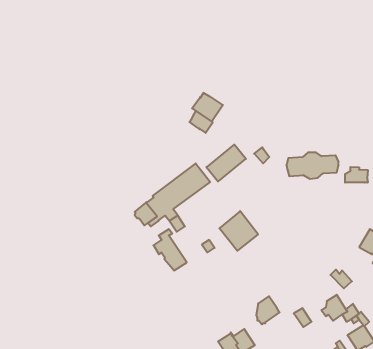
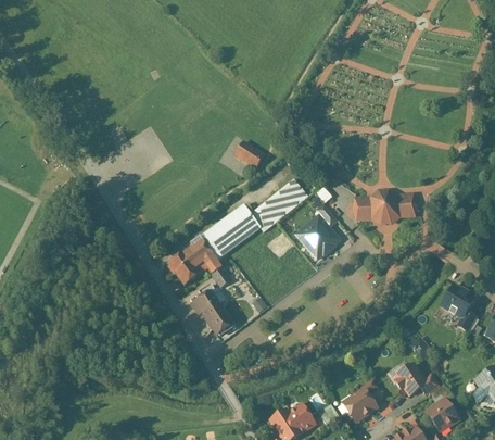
building: [192,93,223,122] -> none
building: [345,167,368,183] -> none
building: [219,211,258,251] -> [294,213,341,261]
building: [256,296,280,324] -> [348,388,377,422]

